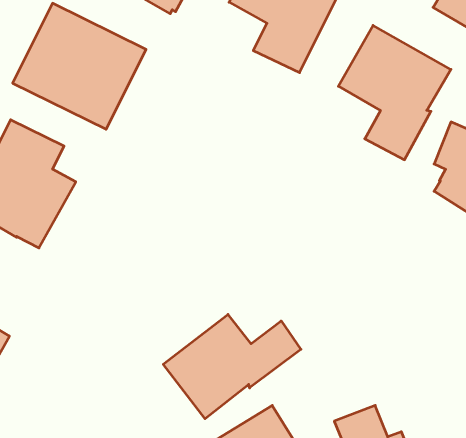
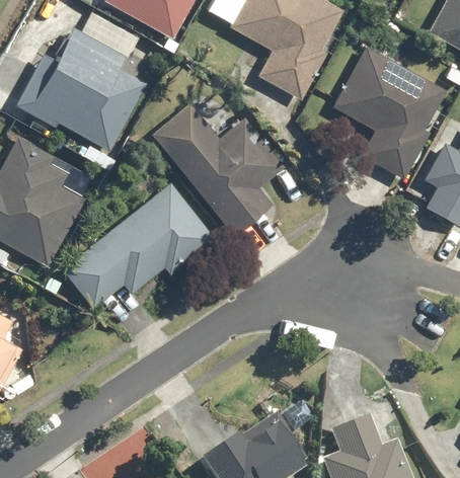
building: none -> [151,103,284,230]
building: none -> [70,183,213,309]
building: [163,314,301,419] -> none

